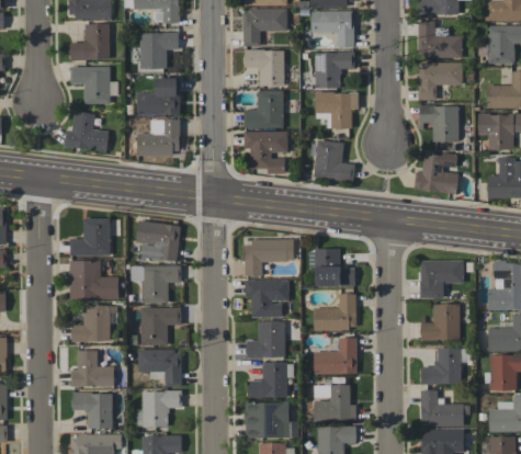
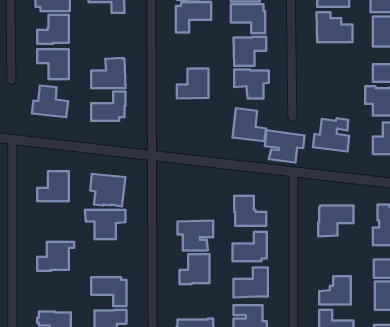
building: [140,33,179,68] -> none
building: [246,49,285,86] -> none
building: [419,63,463,101] -> none
building: [420,105,460,141] -> none
building: [245,132,288,173] -> none
building: none -> [265,130,305,163]
building: [247,239,294,275] -> none
building: [70,260,118,299] -> none
building: [421,304,461,341] -> none
building: [140,308,182,345] -> none
building: [72,351,114,387] -> none
building: [248,362,287,398] -> none

